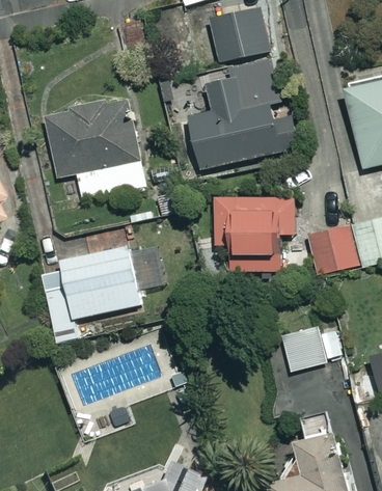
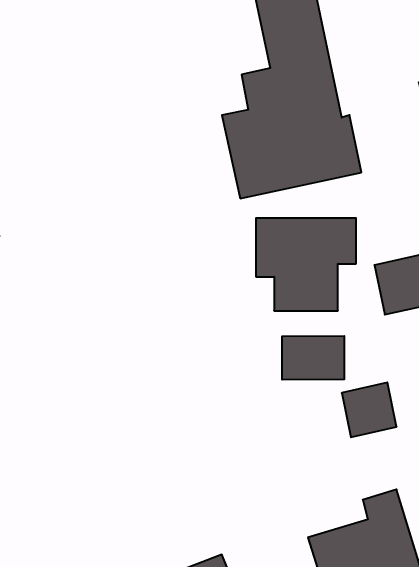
building: [45,101,146,201] -> none
building: [45,245,140,339] -> none
building: none -> [282,336,344,380]

